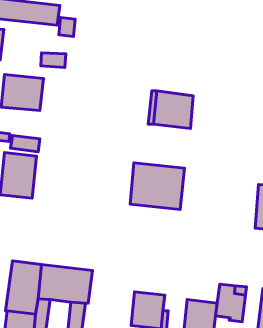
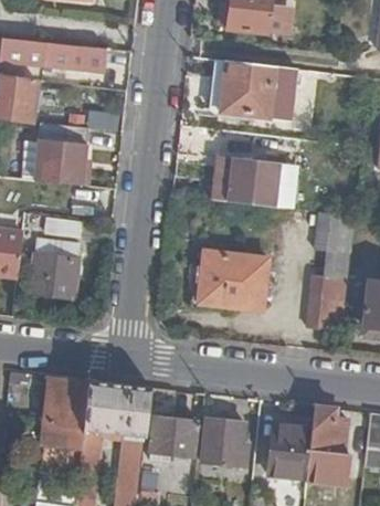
building: none -> [221,61,297,120]
building: none -> [305,214,353,330]
building: none -> [148,417,194,454]

